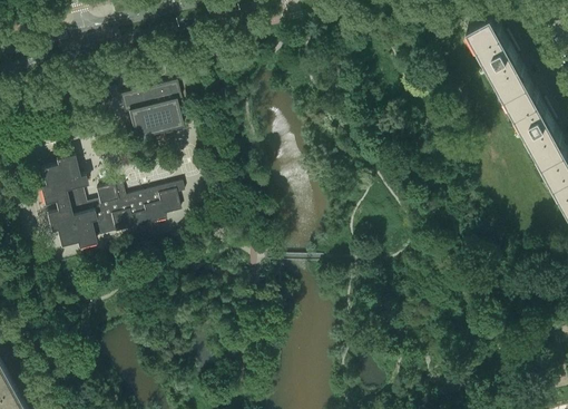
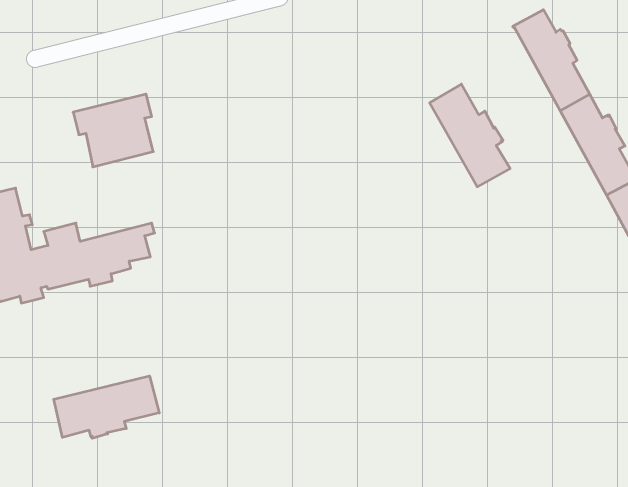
building: none -> [430,84,510,187]
building: none -> [54,376,159,438]

